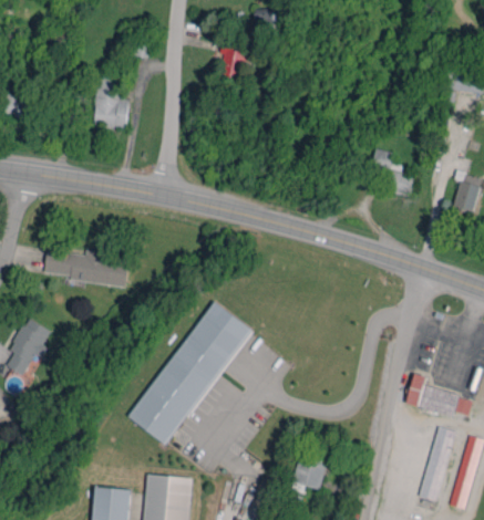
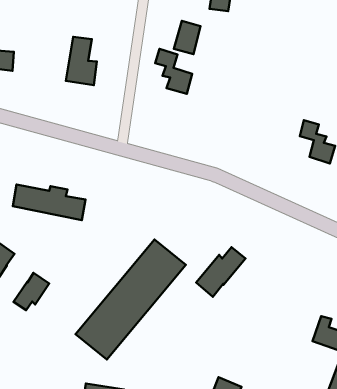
building: none -> [155,49,192,94]
building: none -> [196,247,245,297]
building: none -> [13,273,49,310]

